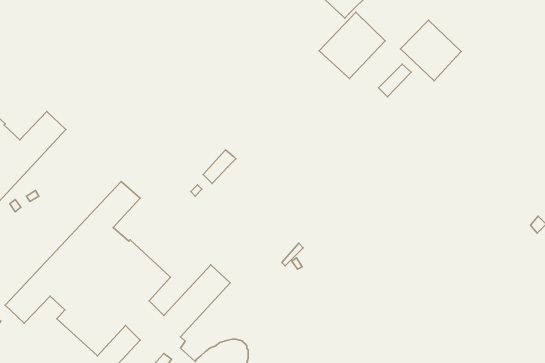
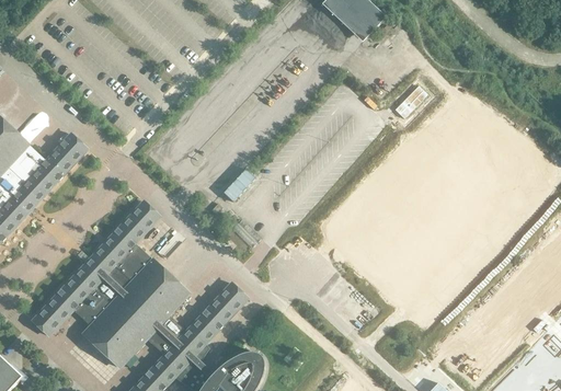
building: [319,12,385,78] -> none
building: [400,20,461,81] -> none

